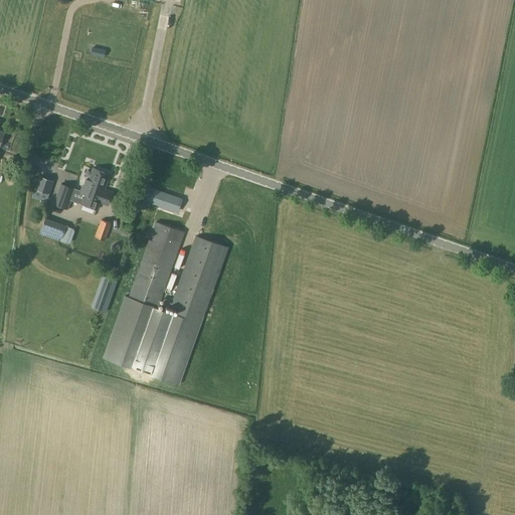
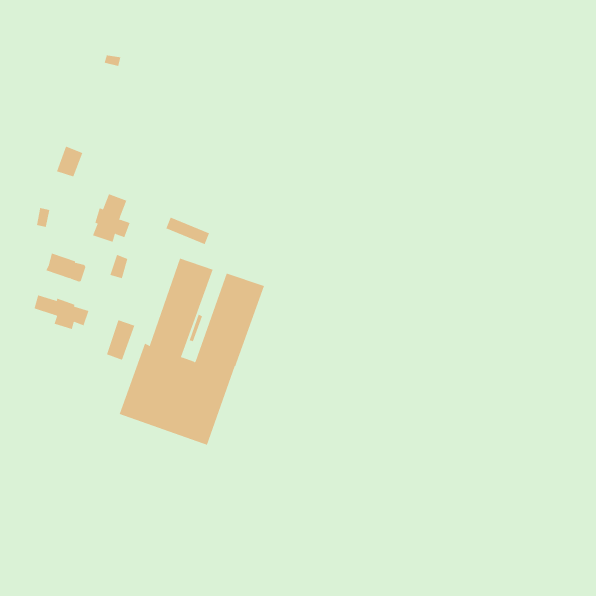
building: [52,182,75,209] -> [56,146,83,177]
building: none -> [34,295,89,330]

